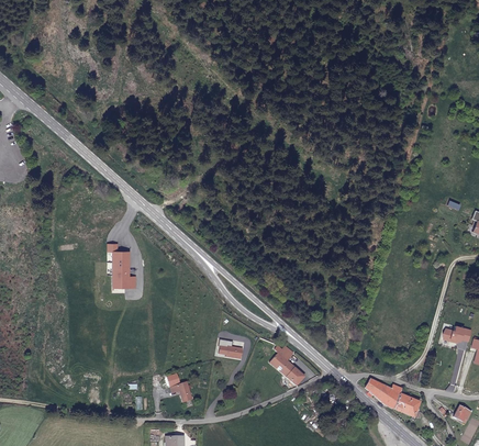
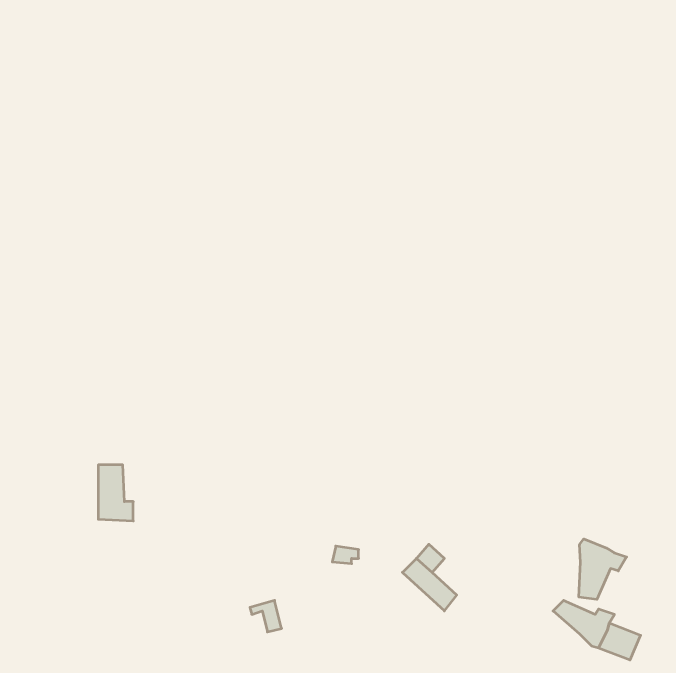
building: [114,252,136,287] -> [98,465,133,521]
building: none -> [579,539,627,599]

